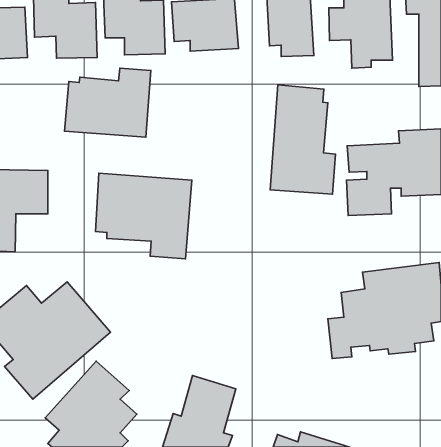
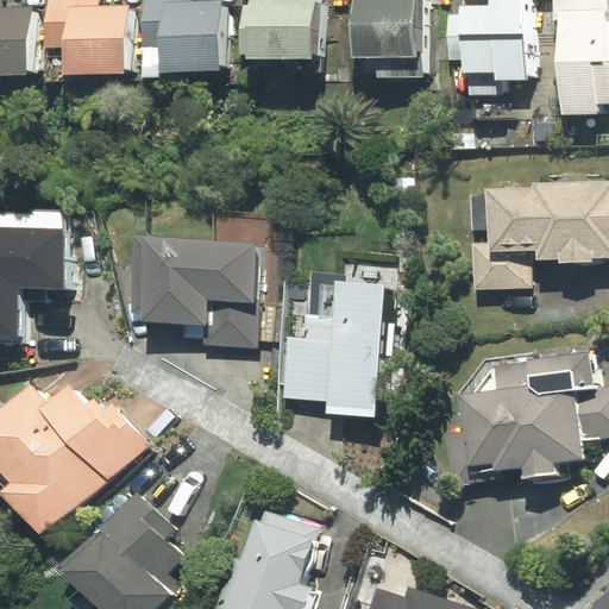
building: [64,68,151,137] -> none
building: [270,85,335,194] -> none
building: none -> [278,282,390,416]

